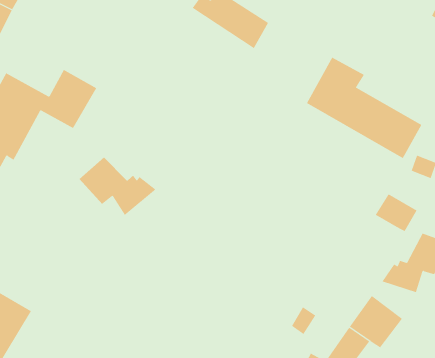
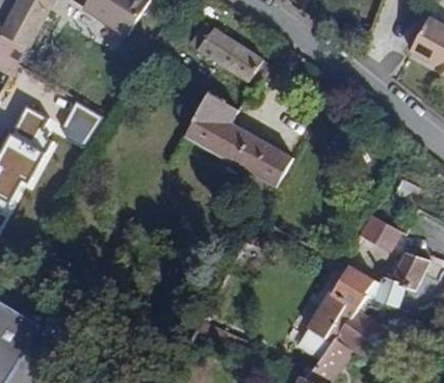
building: [306,57,422,159] -> [185,93,292,187]
building: [79,156,157,216] -> none
building: none -> [321,267,376,337]

